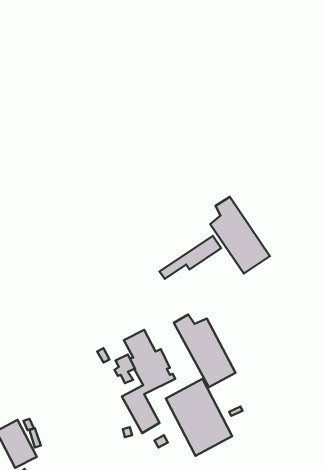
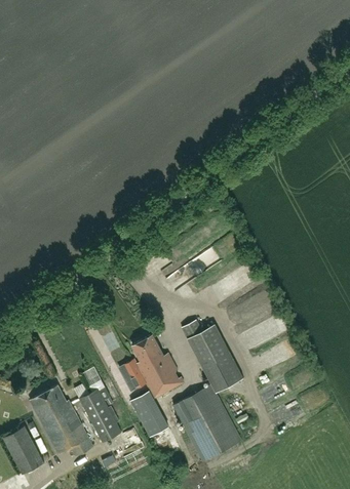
building: [210,197,270,274] -> none
building: none -> [30,384,93,456]
building: none -> [79,386,121,442]

